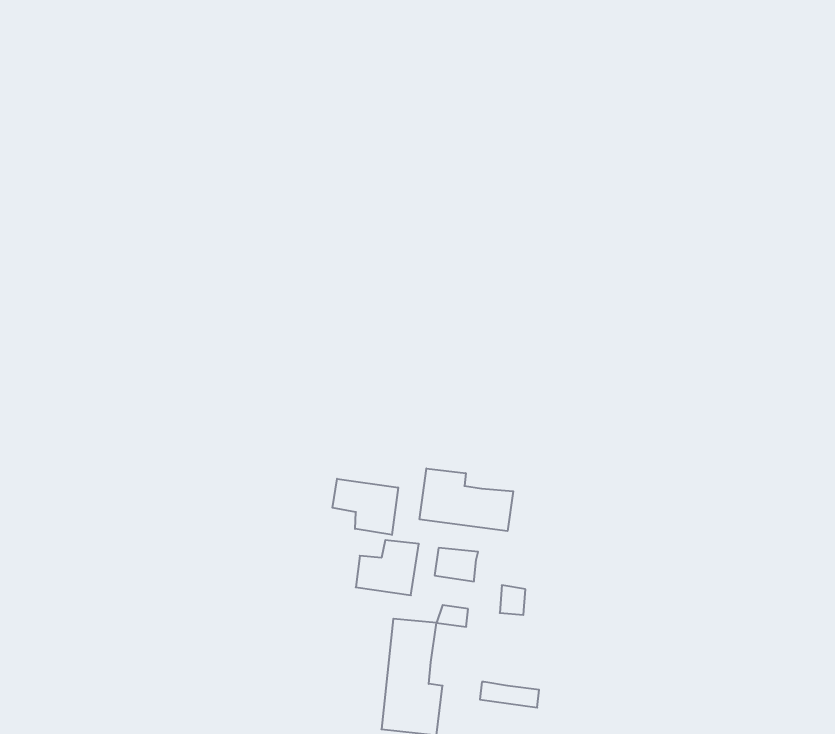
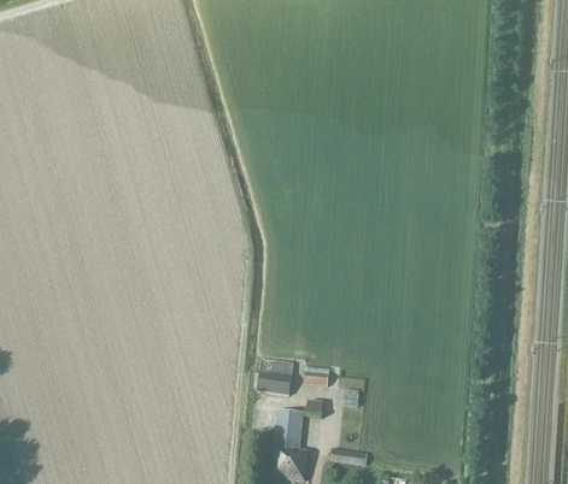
building: [420,468,513,531] -> none
building: [332,479,398,535] -> none

